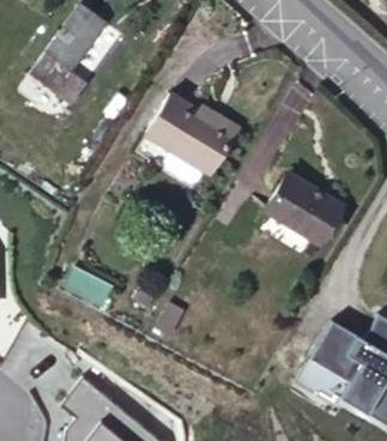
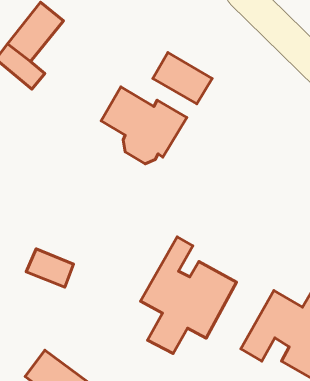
building: none -> [153,52,212,104]
building: [266,171,343,242] -> none
building: none -> [141,237,237,354]

